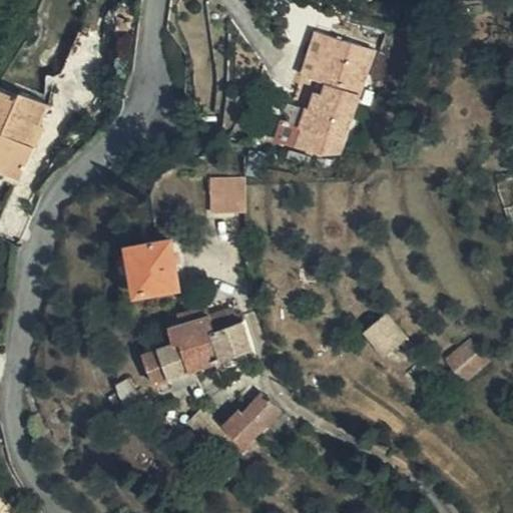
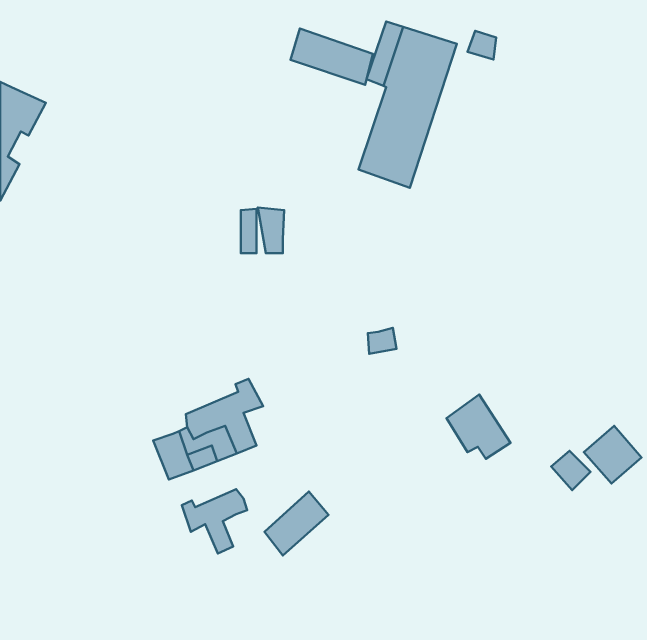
building: none -> [290,28,373,85]
building: [122,242,172,294] -> none
building: [202,324,242,360] -> none
building: none -> [182,489,247,553]

